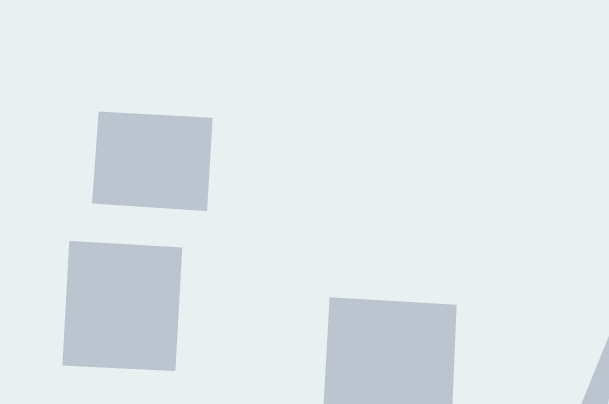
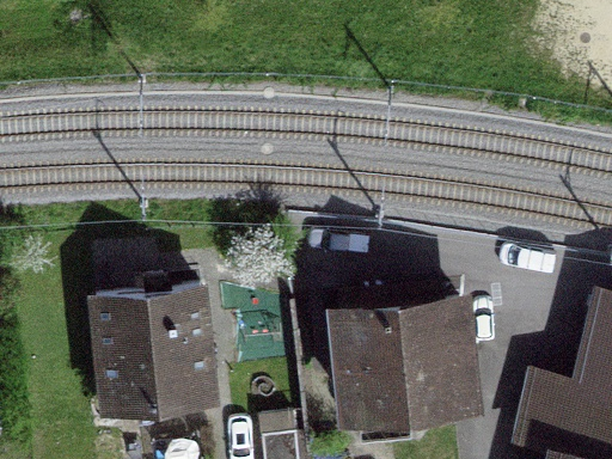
building: [91,111,213,212] -> none

